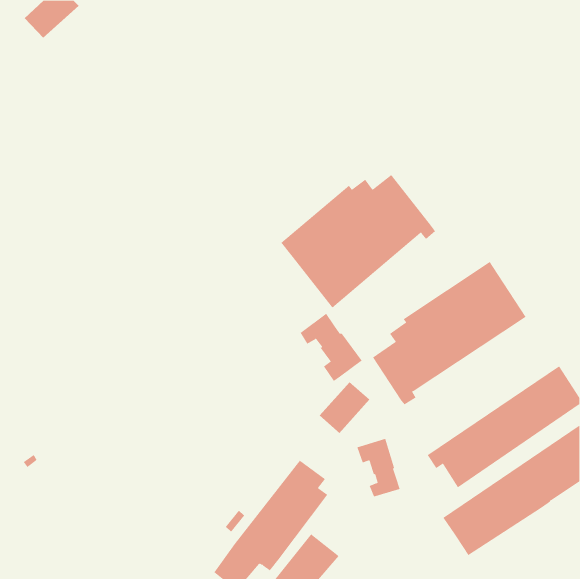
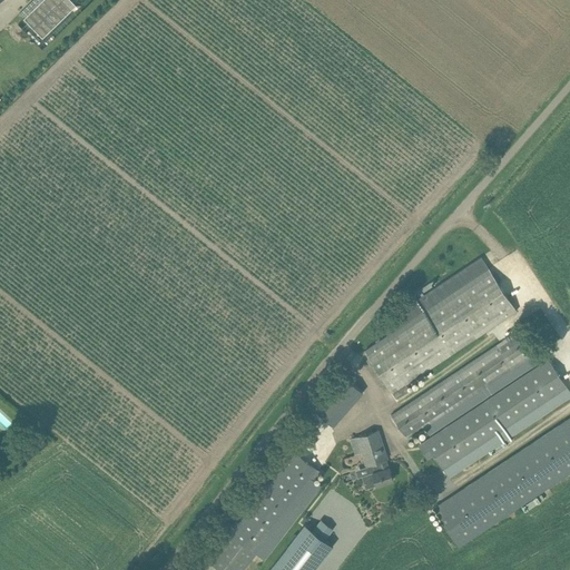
building: [280,174,436,309] -> none
building: [300,313,362,382] -> none
building: none -> [392,330,542,440]

